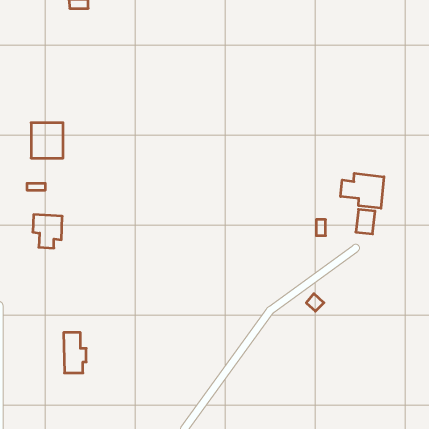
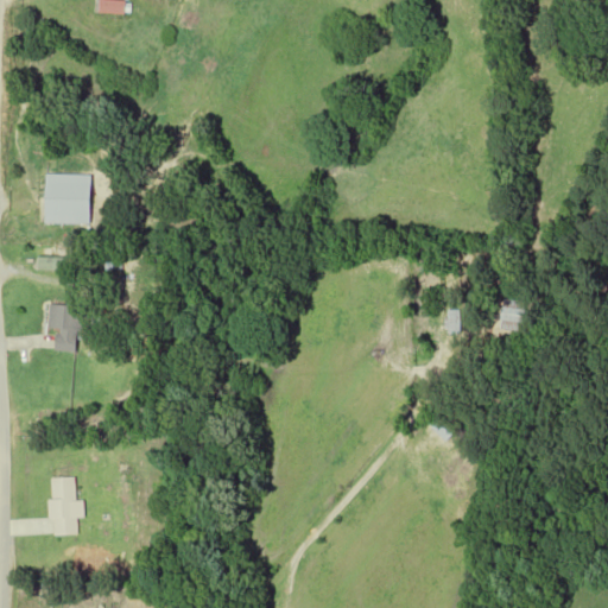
building: [341,173,384,208] -> none
building: [64,333,86,373] -> [50,477,82,534]

